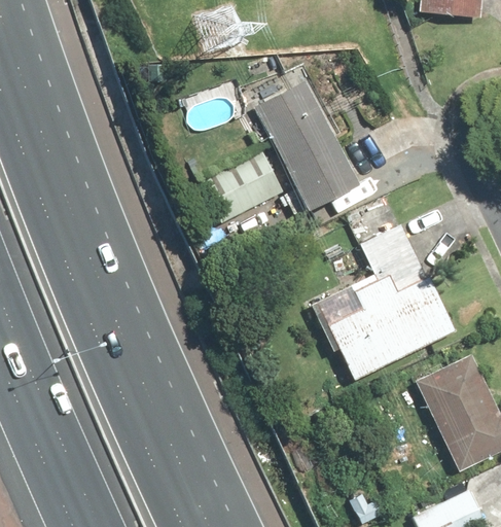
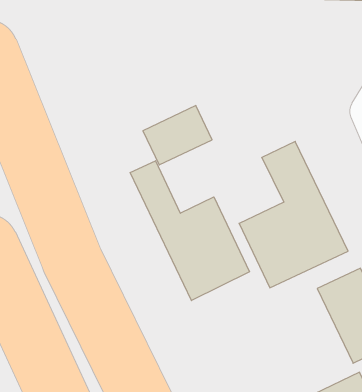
building: [251,76,368,212] -> none
building: none -> [130,161,249,301]

